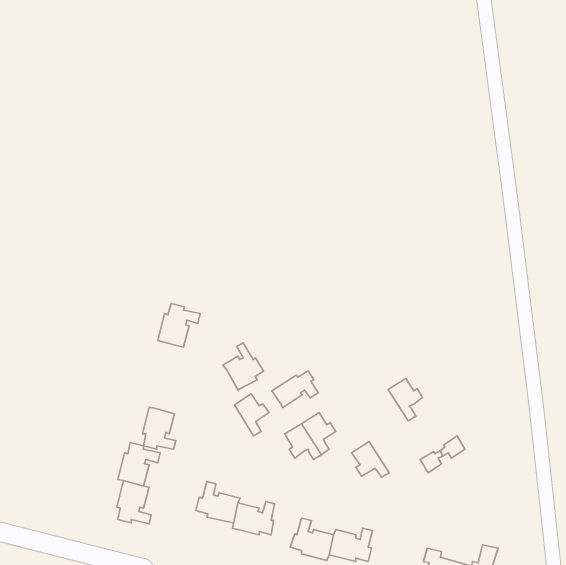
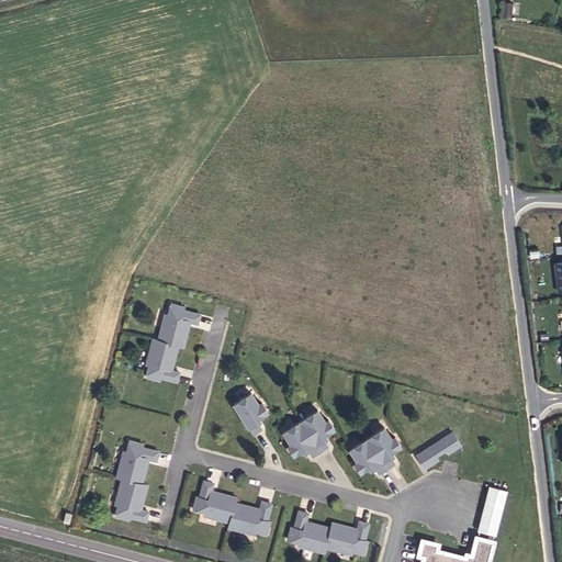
building: [223,343,264,391] -> none
building: [272,371,318,407] -> none
building: [388,379,423,421] -> [364,428,398,470]
building: [142,407,176,449] -> [144,338,177,380]
building: none -> [476,488,506,538]

